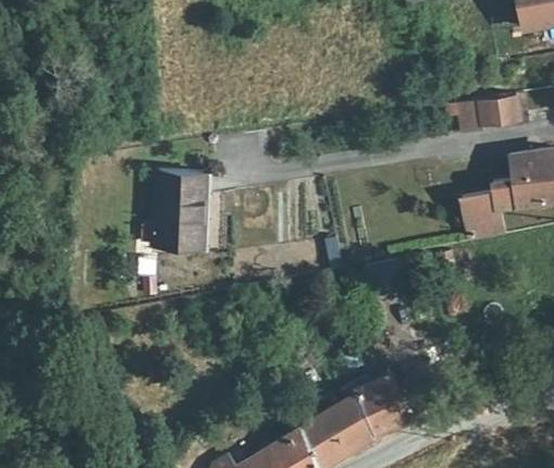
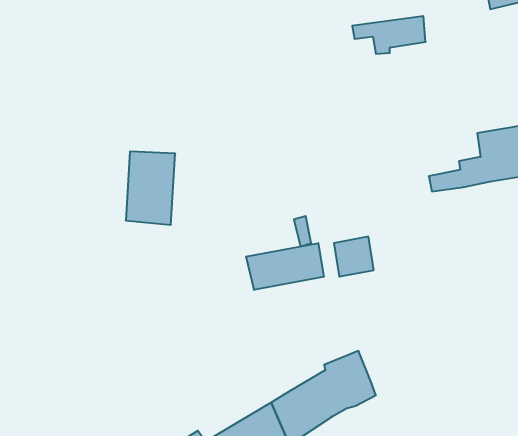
building: [444,96,518,134] -> [352,16,426,54]
building: [464,209,500,243] -> none
building: none -> [246,243,324,290]

